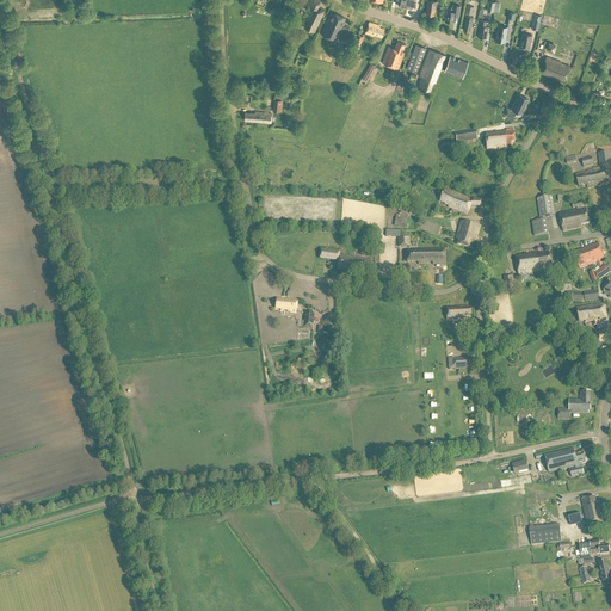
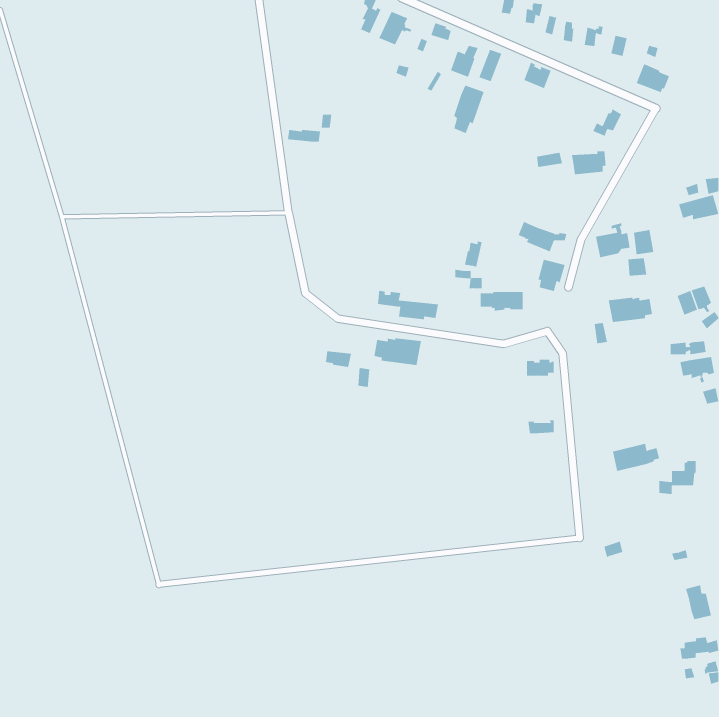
building: [419,47,445,88] -> [453,85,484,134]
building: [560,200,590,230] -> [595,223,631,258]
building: none -> [374,338,422,366]
building: [545,448,586,471] -> [612,443,660,471]
building: [530,524,562,544] -> none

